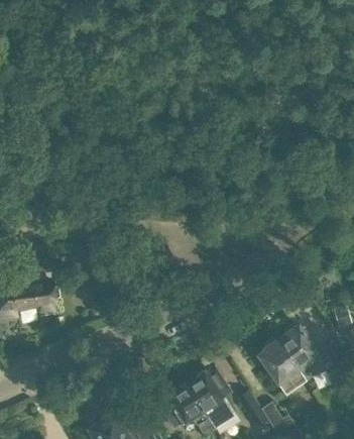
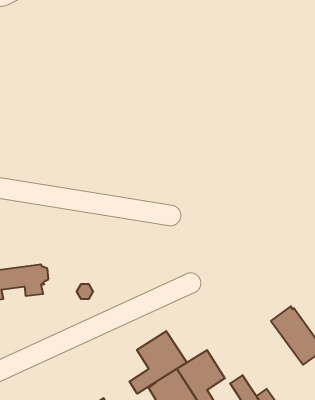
building: [259,338,308,395] -> none
building: none -> [129,331,187,394]

